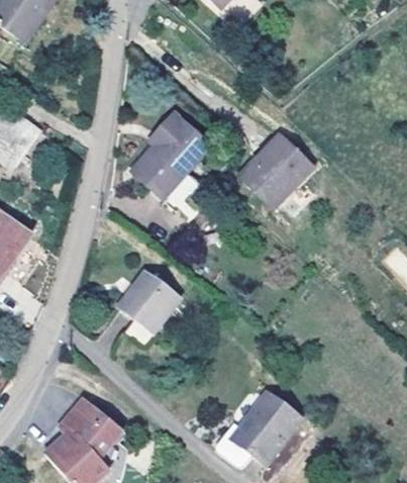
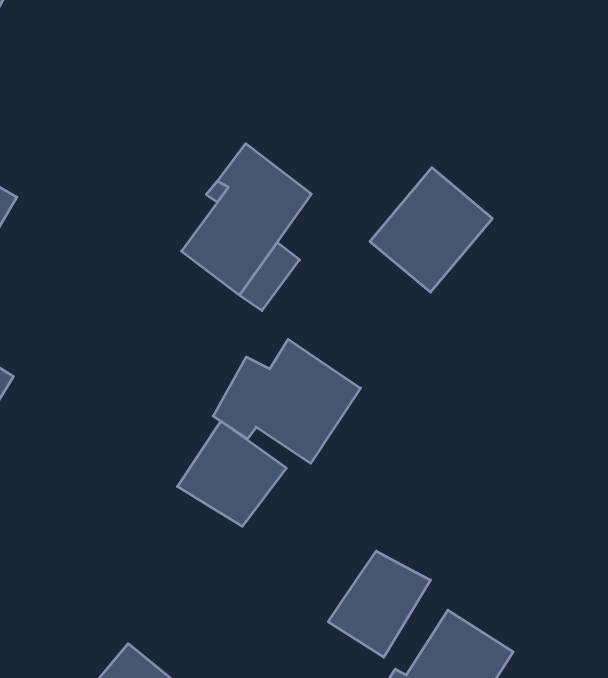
building: none -> [213,339,361,463]
building: none -> [328,551,431,657]

